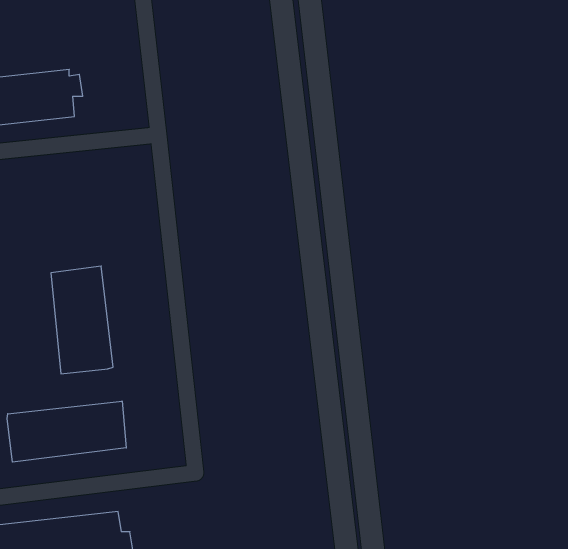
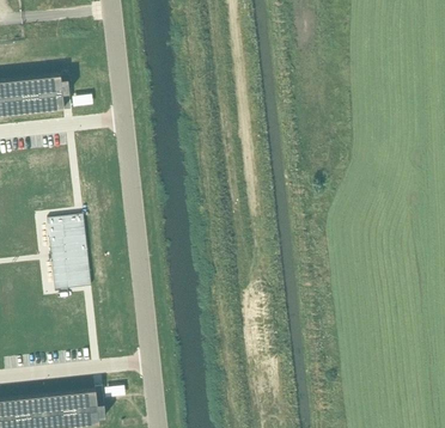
building: [7,401,126,462] -> none

